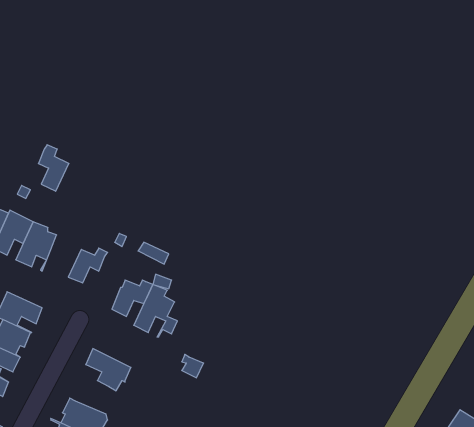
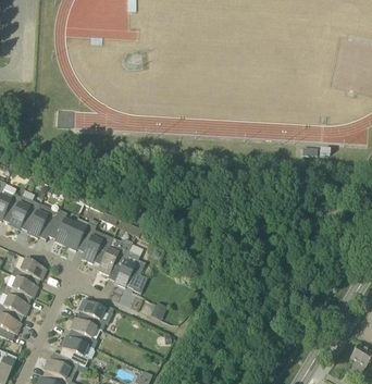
building: [38,145,69,191] -> [51,210,74,245]
building: none -> [80,230,111,261]
building: none -> [69,317,96,347]

